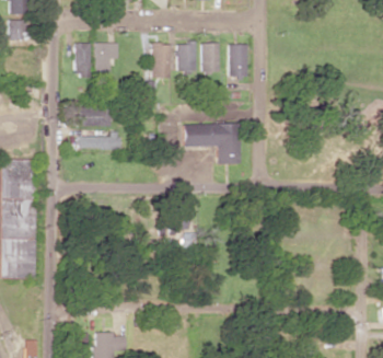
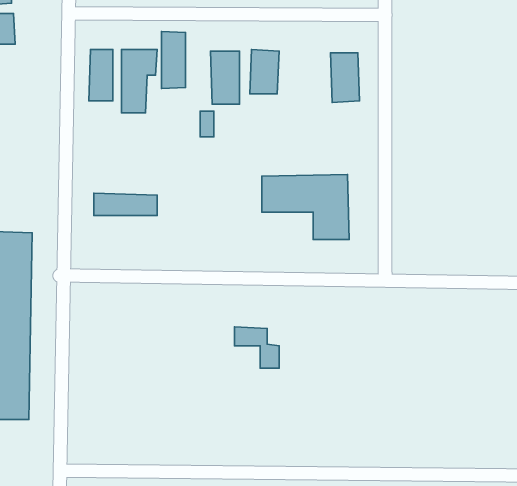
building: none -> [161,32,185,89]
building: [202,43,219,72] -> none
building: [78,107,111,126] -> none

